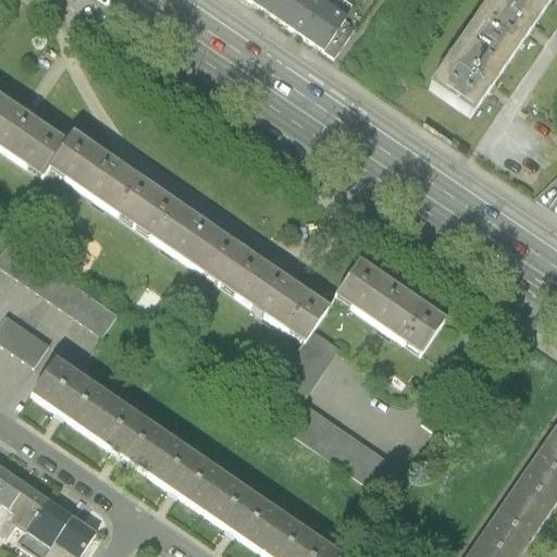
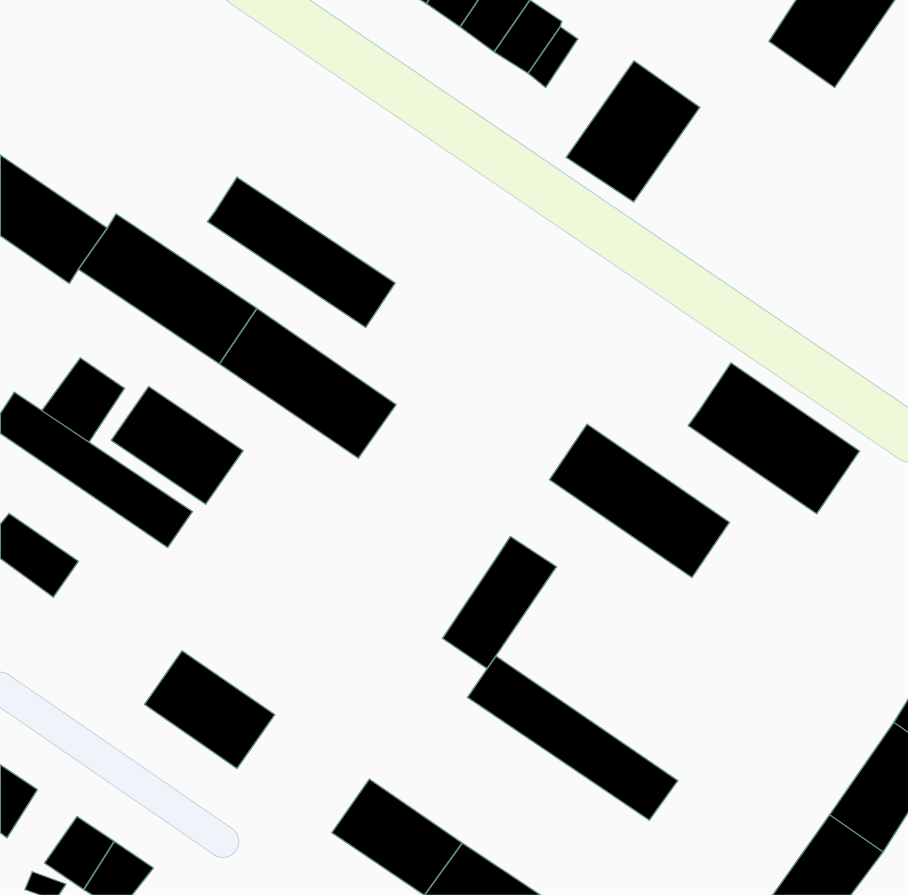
building: [430,25,511,111] -> [566,61,700,202]
building: none -> [208,177,395,328]
building: none -> [42,358,125,442]
building: none -> [688,363,860,514]
building: [221,247,329,337] -> none
building: [33,358,113,430] -> [111,387,243,504]
building: [147,436,227,508] -> none
building: [7,482,49,527] -> none

